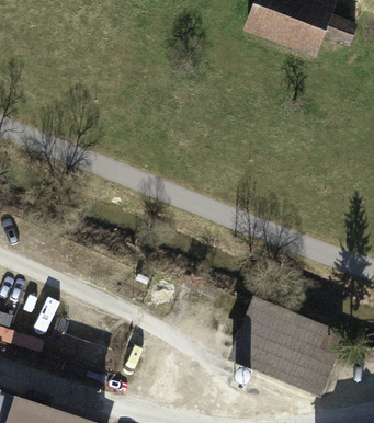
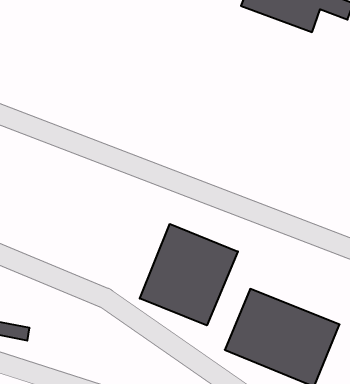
building: none -> [140,224,238,325]

